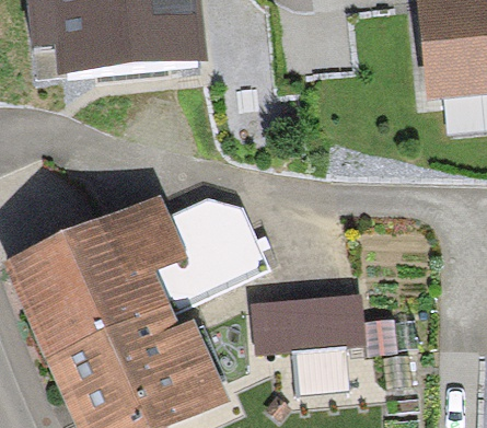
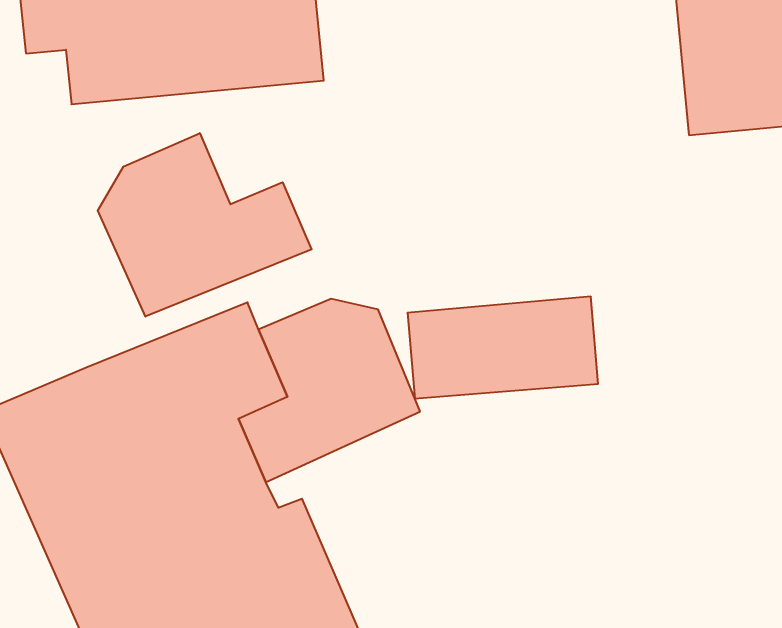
building: none -> [98,133,312,317]
building: [247,291,362,352] -> [407,297,598,398]

